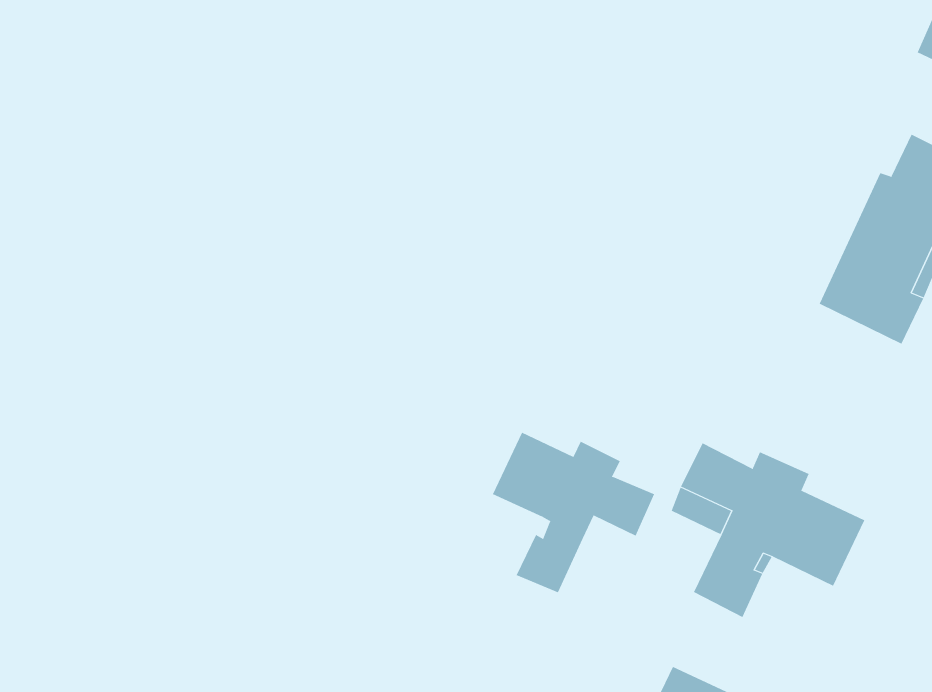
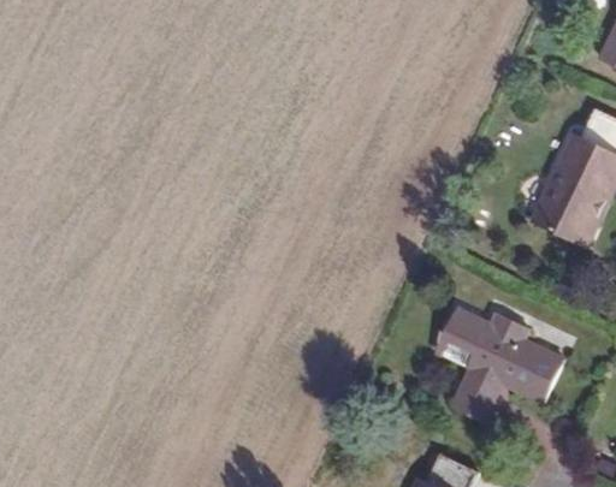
building: [492,432,655,593] -> none

